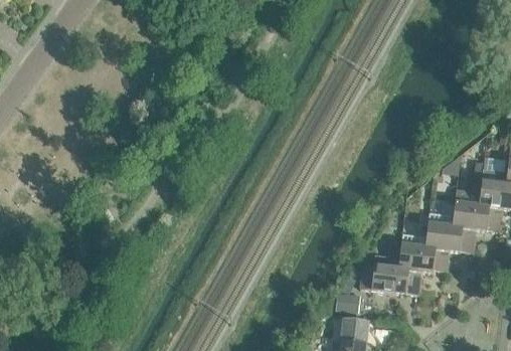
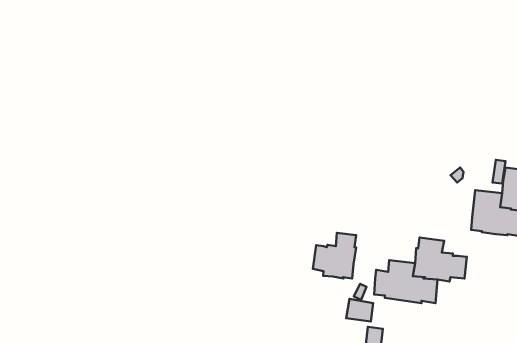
building: [424,212,475,253] -> none
building: none -> [313,233,356,279]

